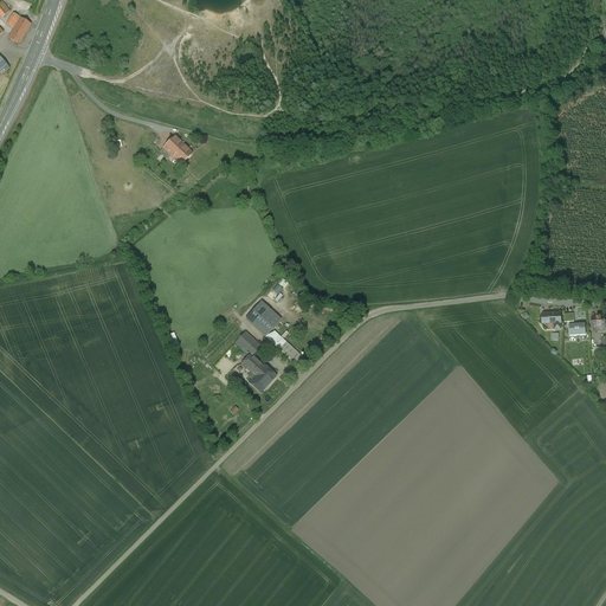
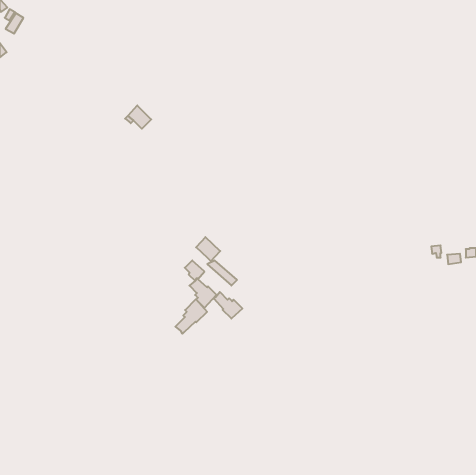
building: none -> [213,292,242,319]
building: none -> [175,299,207,334]

